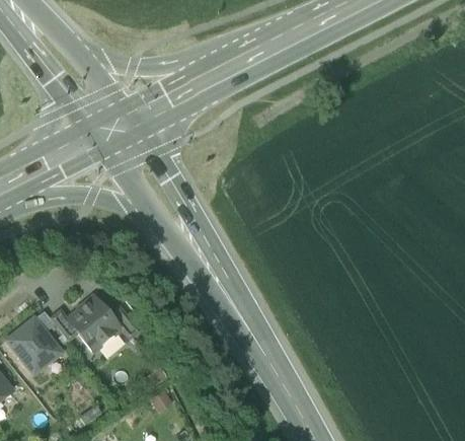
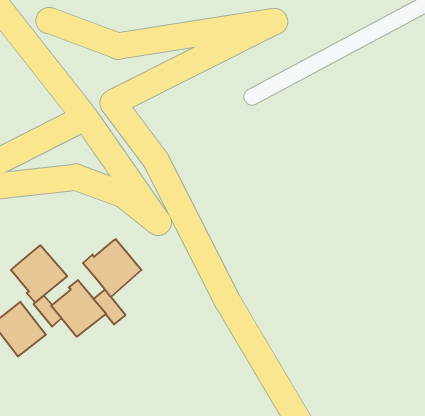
building: none -> [83,239,142,296]
building: none -> [11,245,67,303]

